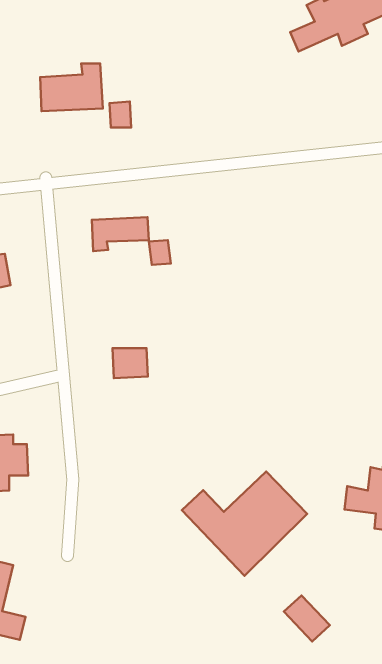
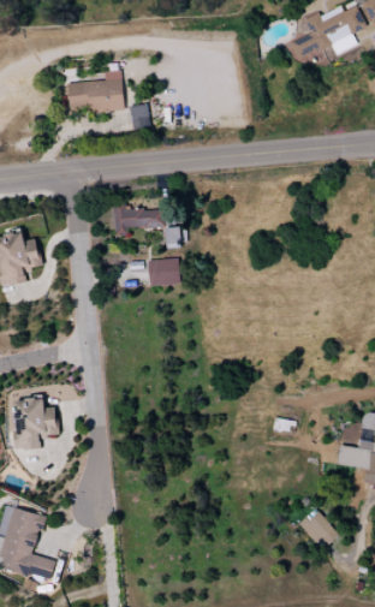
building: [112,348,148,378] -> [148,258,179,285]
building: [182,471,307,576] -> none
building: [284,595,330,642] -> [298,507,339,548]

